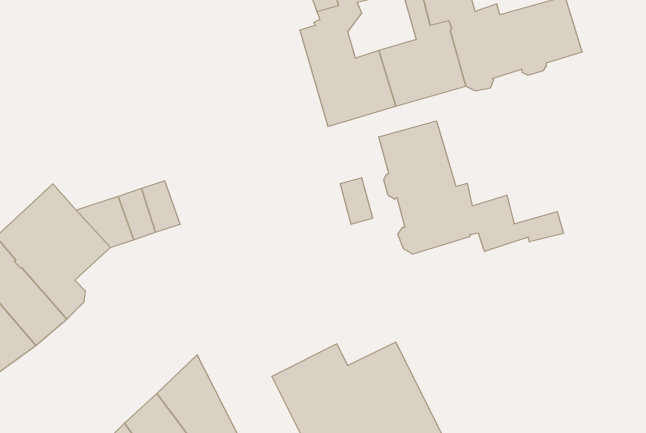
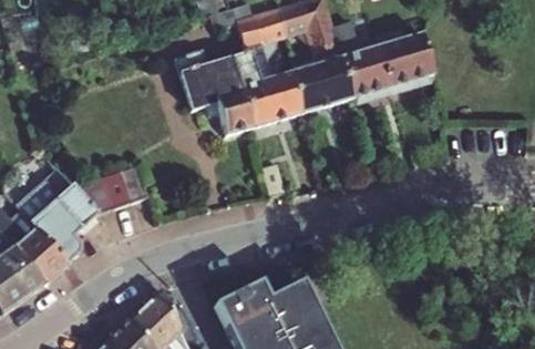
building: none -> [175,49,253,134]
building: [379,121,564,254] -> none

